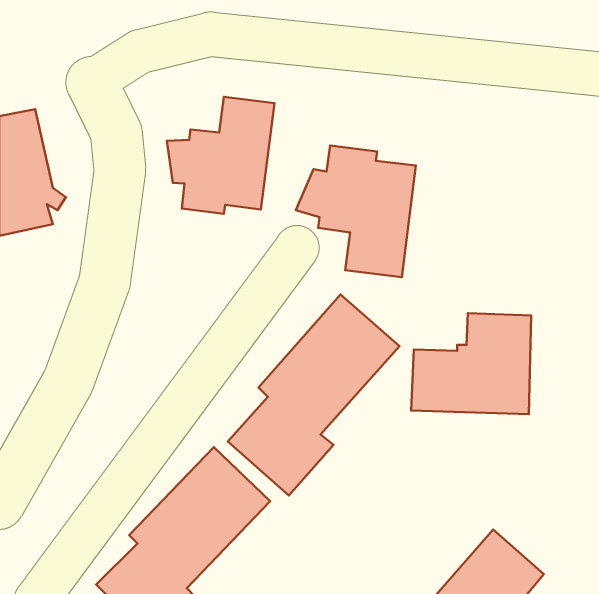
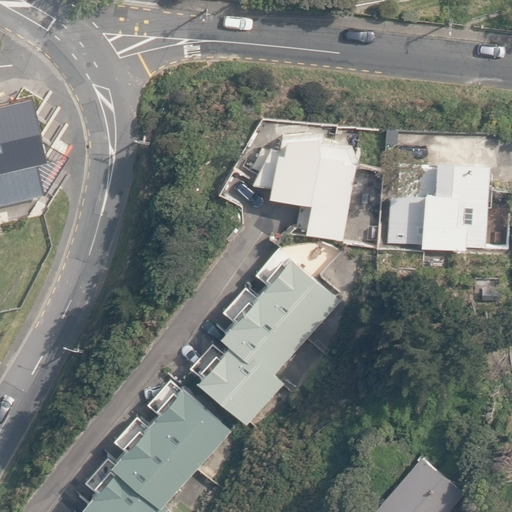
building: [167,97,274,214] -> none
building: [411,313,531,414] -> [386,163,488,249]

